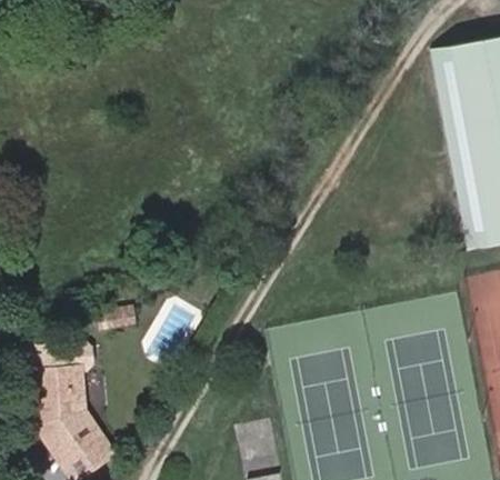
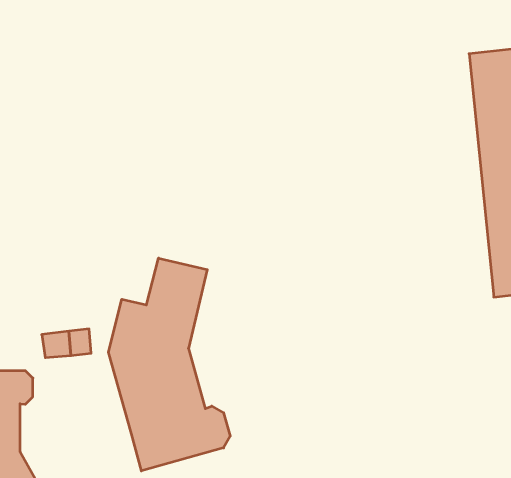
building: none -> [108,258,230,471]

